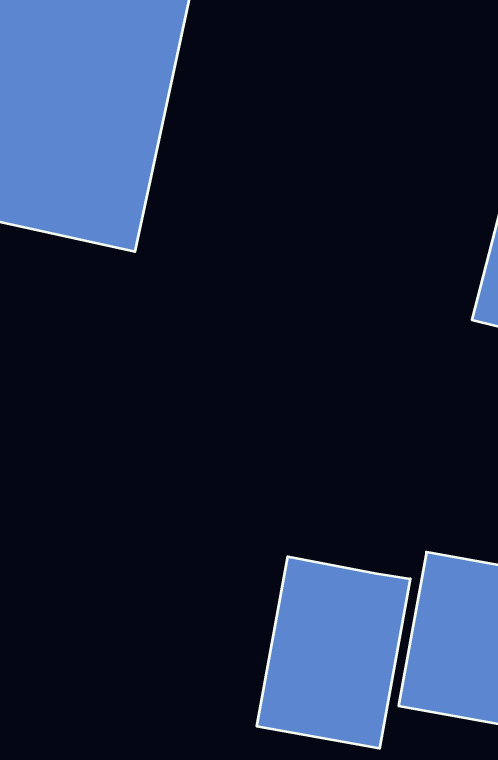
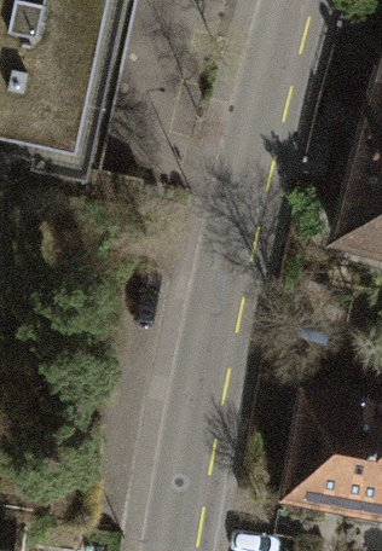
building: [257,557,410,748] -> none

